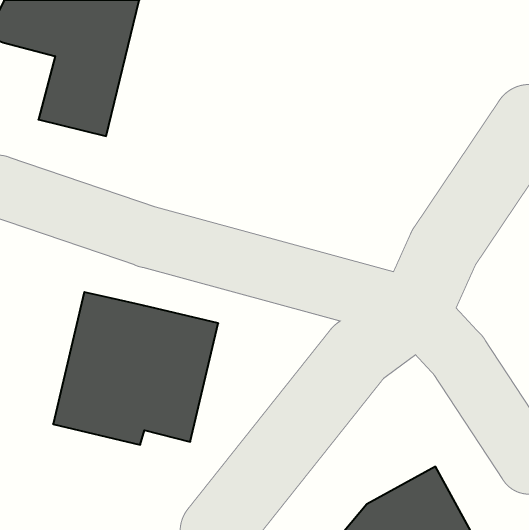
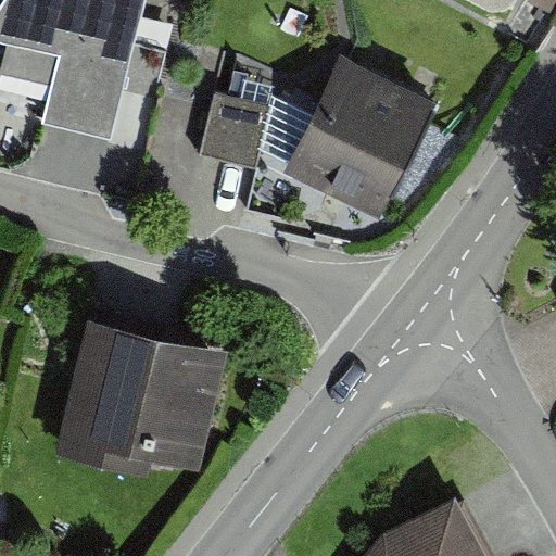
building: none -> [282,60,435,223]
building: none -> [200,96,269,170]

